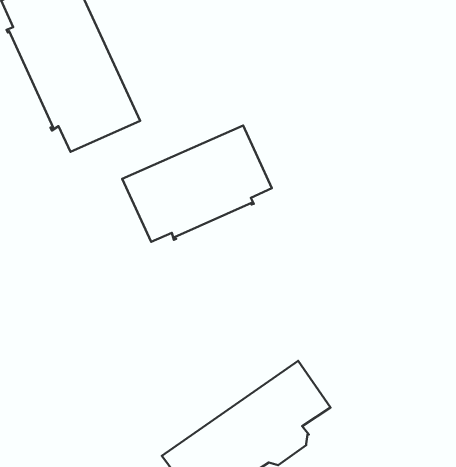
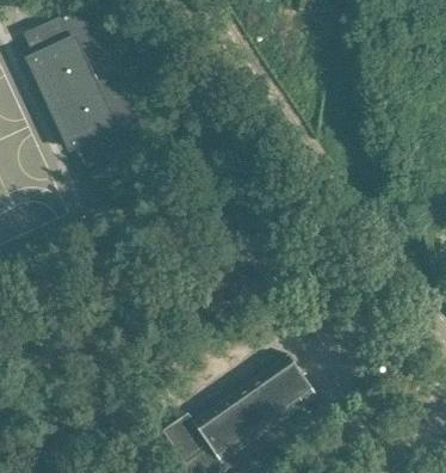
building: [122,125,272,242] -> none

